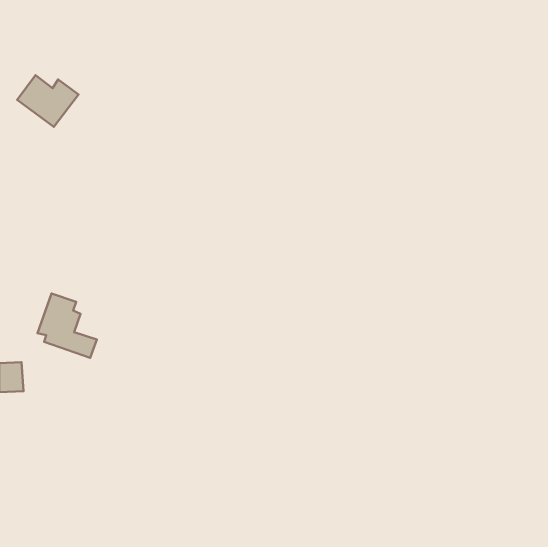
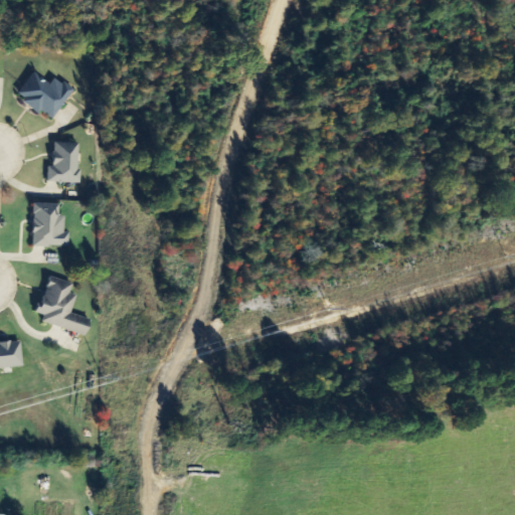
building: none -> [46,141,78,181]
building: none -> [31,201,68,245]

